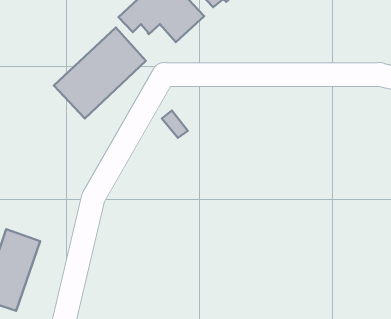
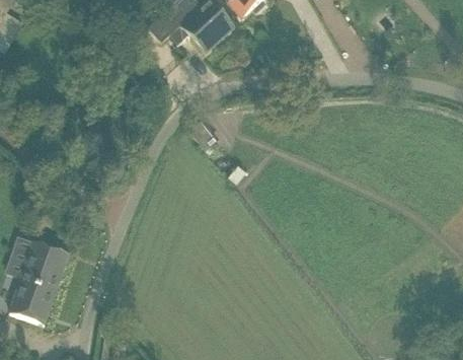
building: [54,28,146,118] -> none

